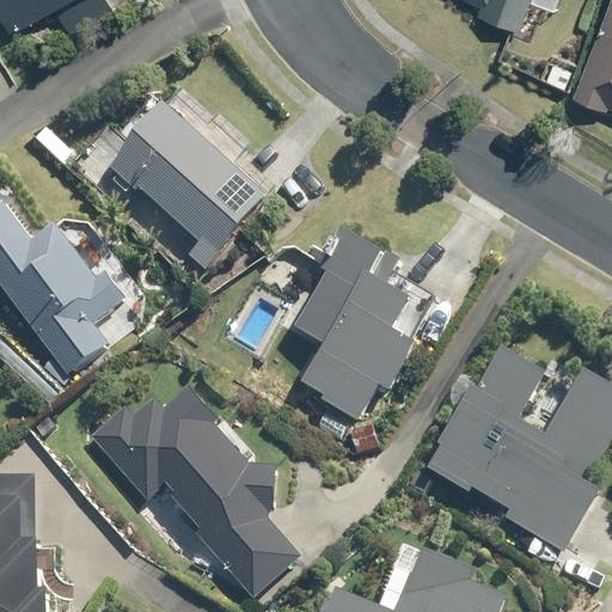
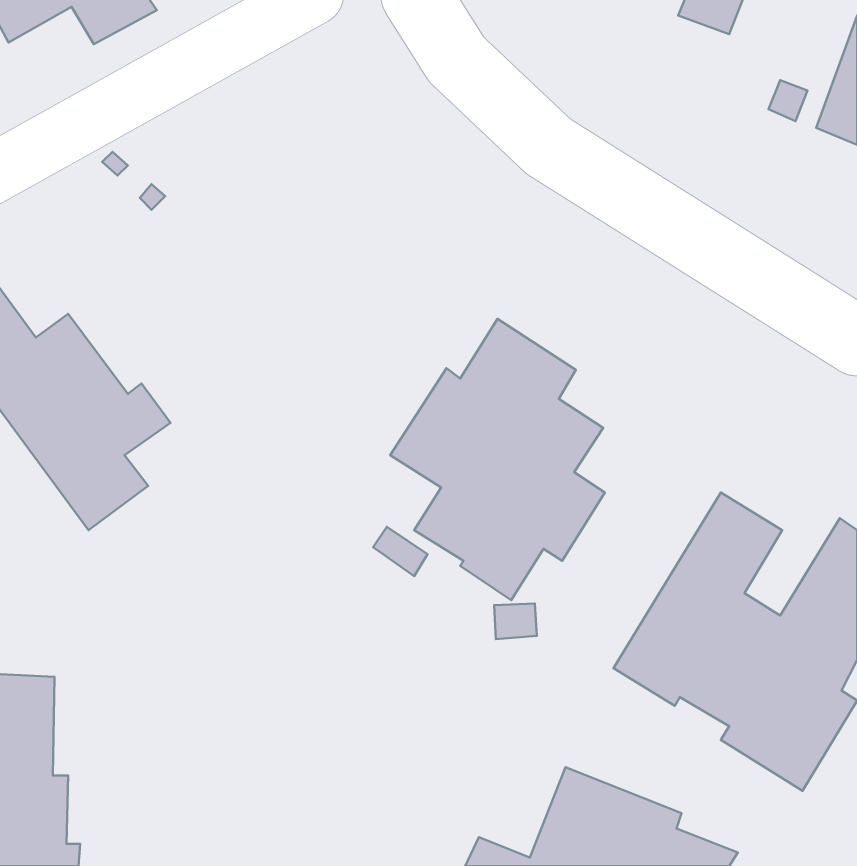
building: [108,100,265,267] -> none
building: [91,385,302,600] -> none

